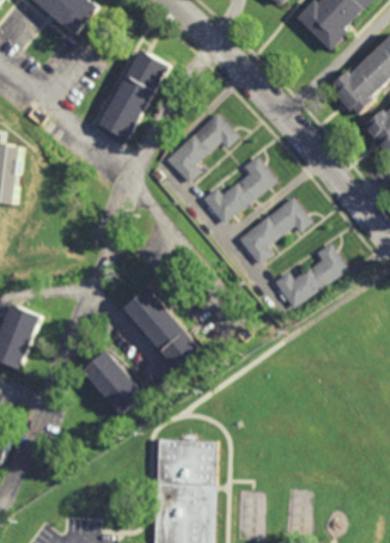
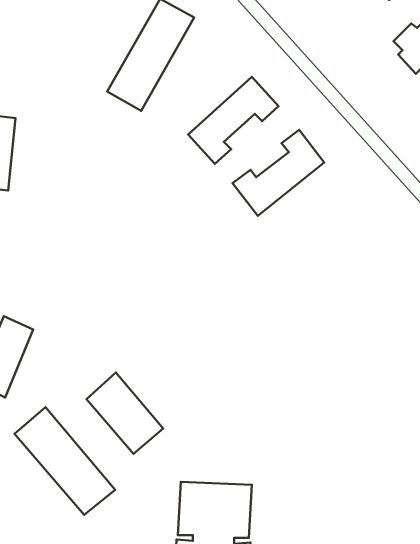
building: [234,196,309,264] -> none
building: [270,243,346,310] -> none
building: [122,288,203,376] -> [15,407,115,515]

